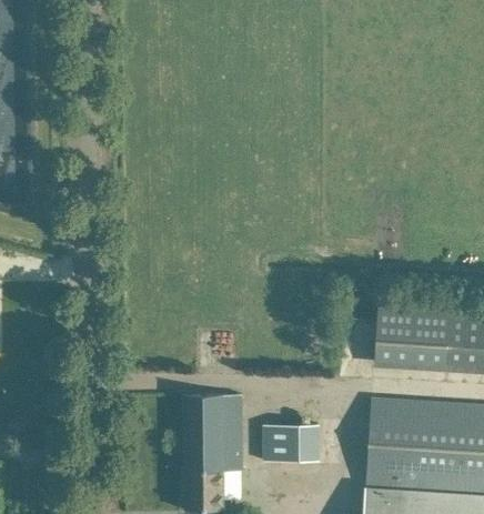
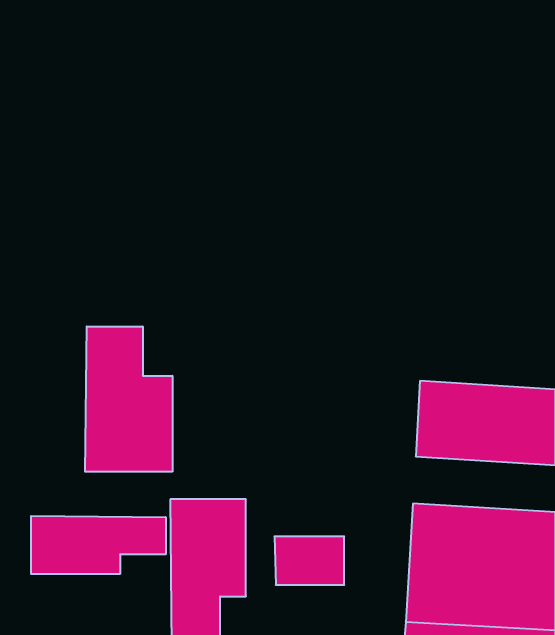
building: none -> [85,326,172,472]
building: none -> [31,516,166,574]

